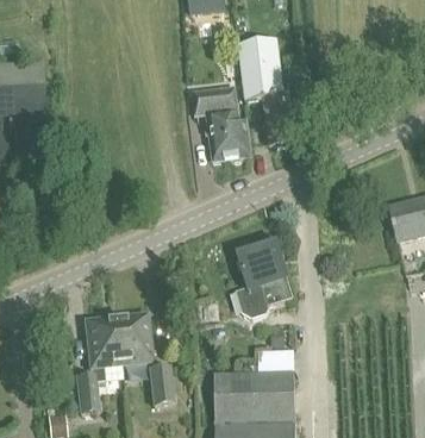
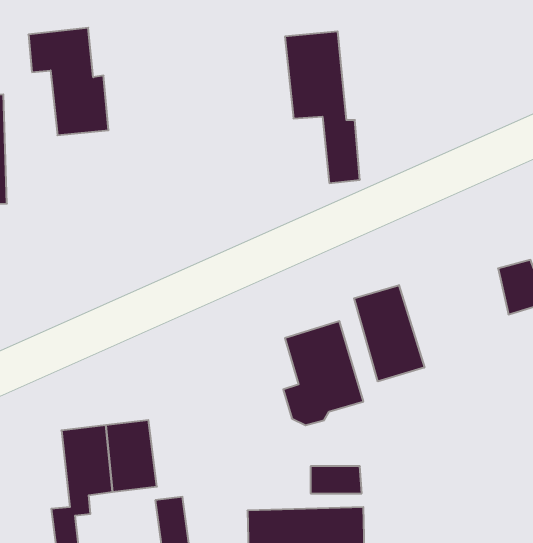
building: [193,85,249,159] -> [28,28,109,135]
building: none -> [354,285,424,381]

